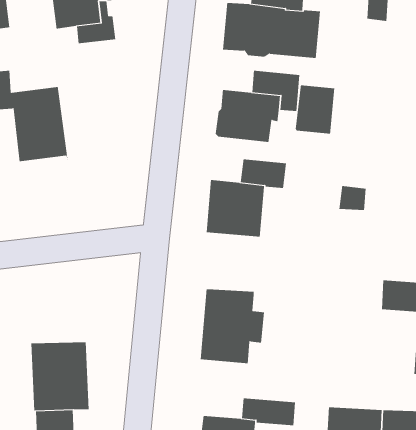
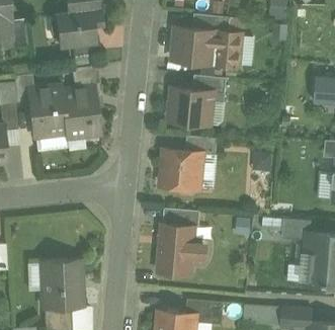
building: none -> [60,66,99,139]
building: [295,85,335,134] -> none
building: none -> [162,209,199,229]

